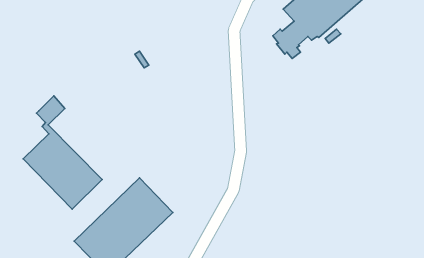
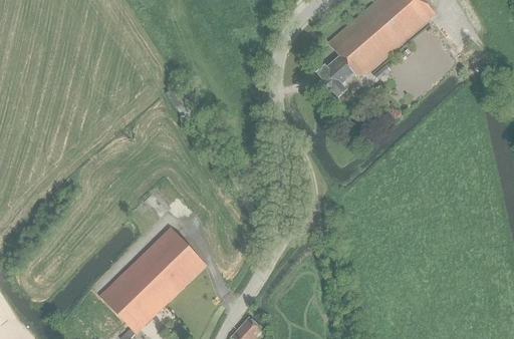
building: [23,96,102,209] -> none

